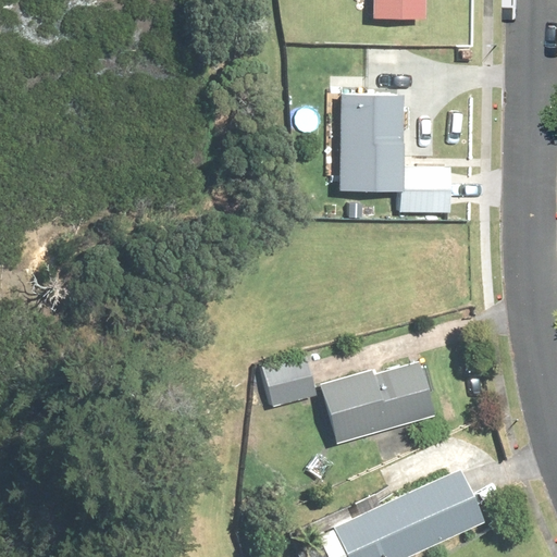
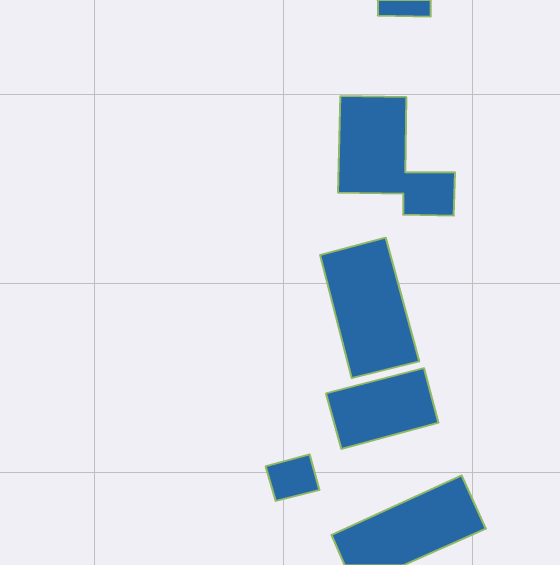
building: none -> [320,238,419,378]
building: [265,358,319,404] -> [266,454,320,501]

